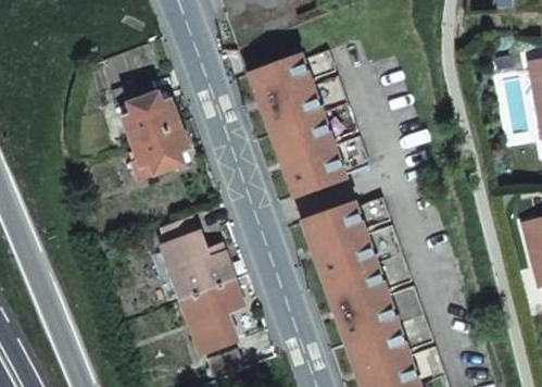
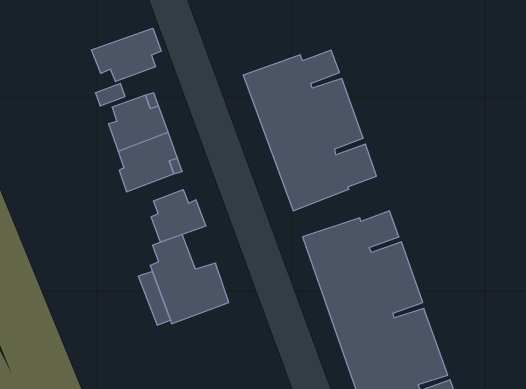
building: none -> [92,28,161,82]
building: none -> [151,190,206,242]
building: [182,280,243,352] -> none

